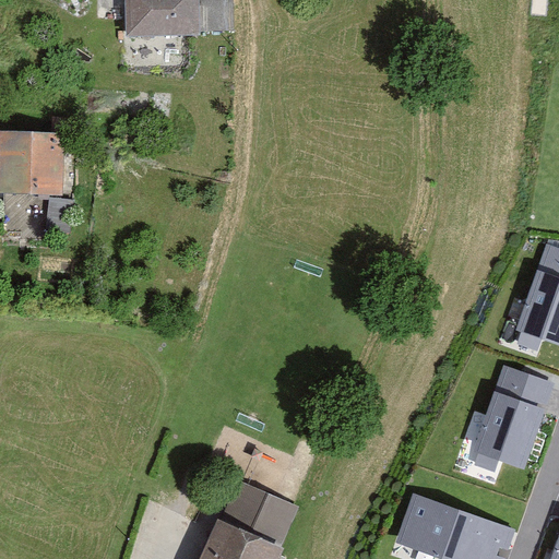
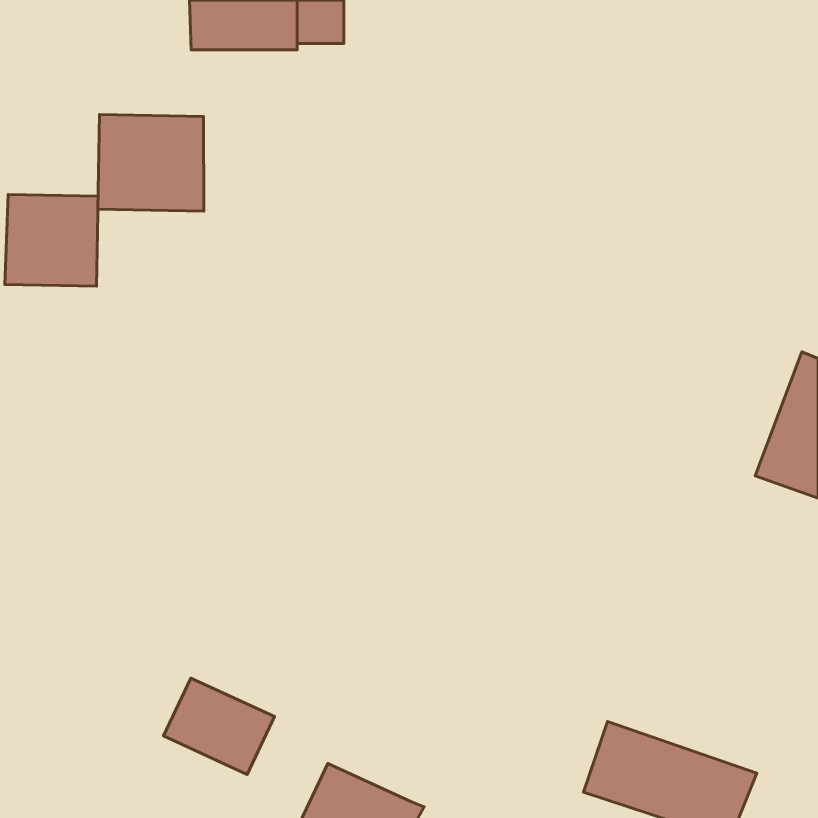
building: none -> [98,115,204,211]
building: [469,361,551,464] -> none
building: [223,481,298,547] -> [164,678,275,774]

